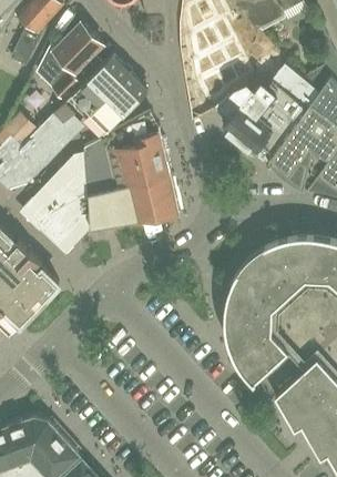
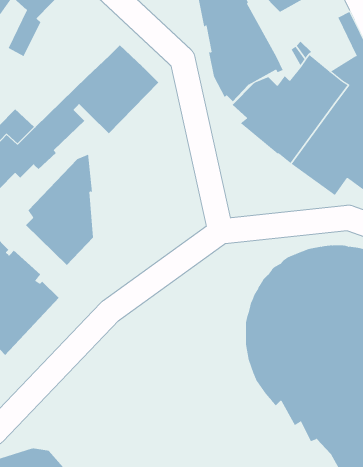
building: [34,26,102,103] -> none
building: [84,113,178,230] -> none

